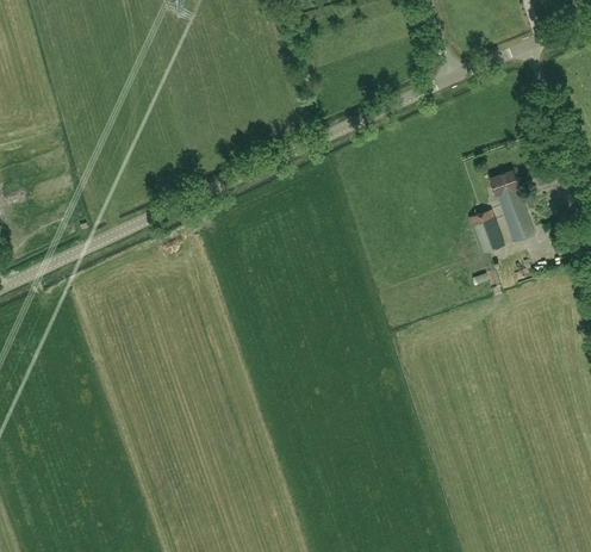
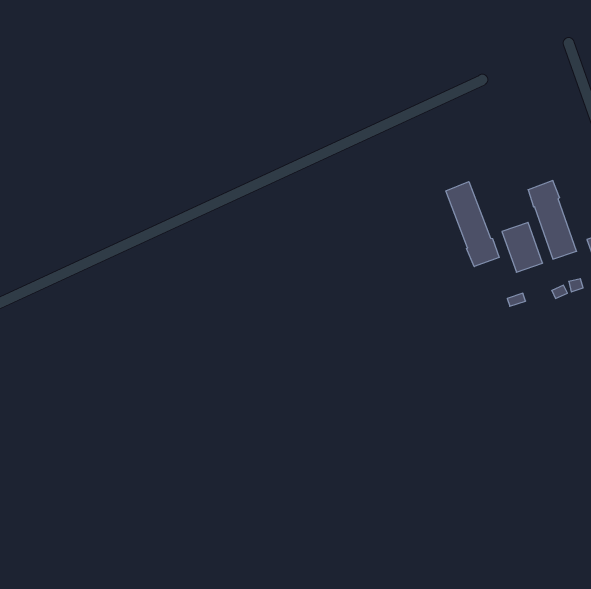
building: none -> [446,182,499,267]

